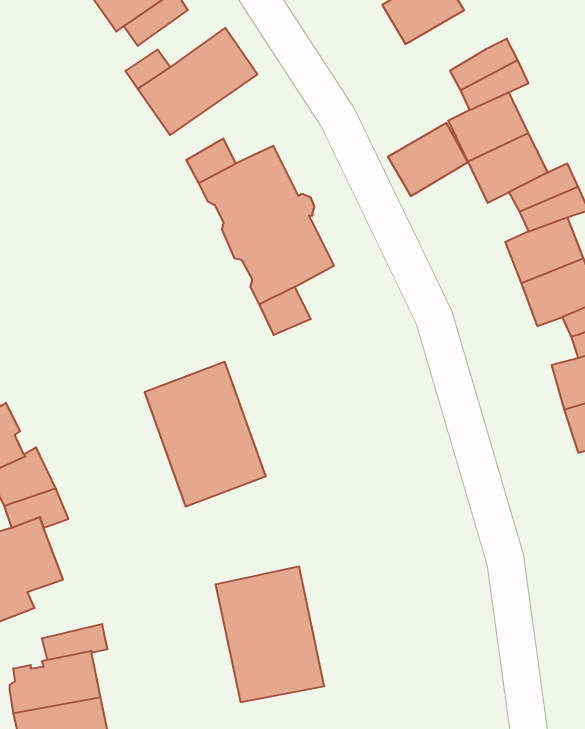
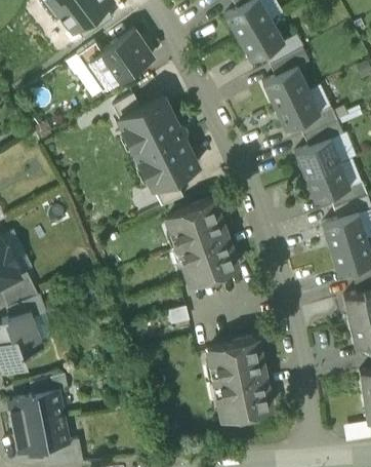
building: [388,123,468,196] -> [237,18,283,61]
building: [145,362,266,506] -> [166,200,236,283]
building: [215,567,324,702] -> [207,339,270,417]

